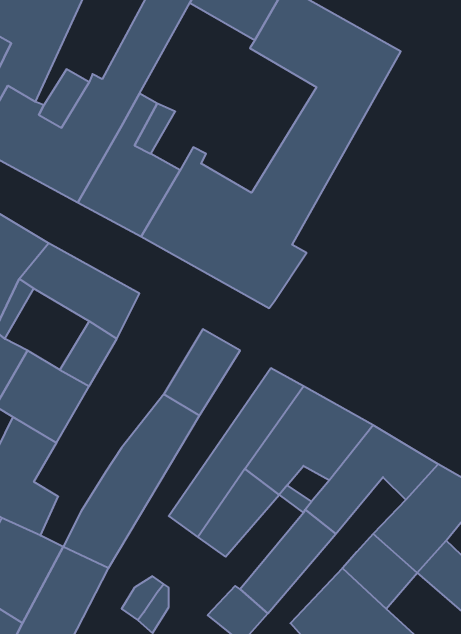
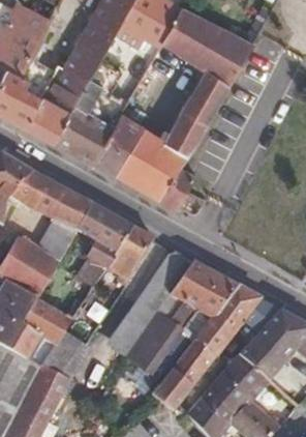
building: none -> [76,202,131,266]
building: none -> [24,297,69,341]

